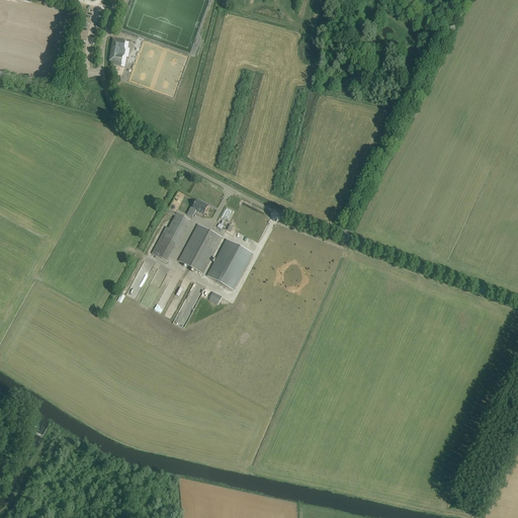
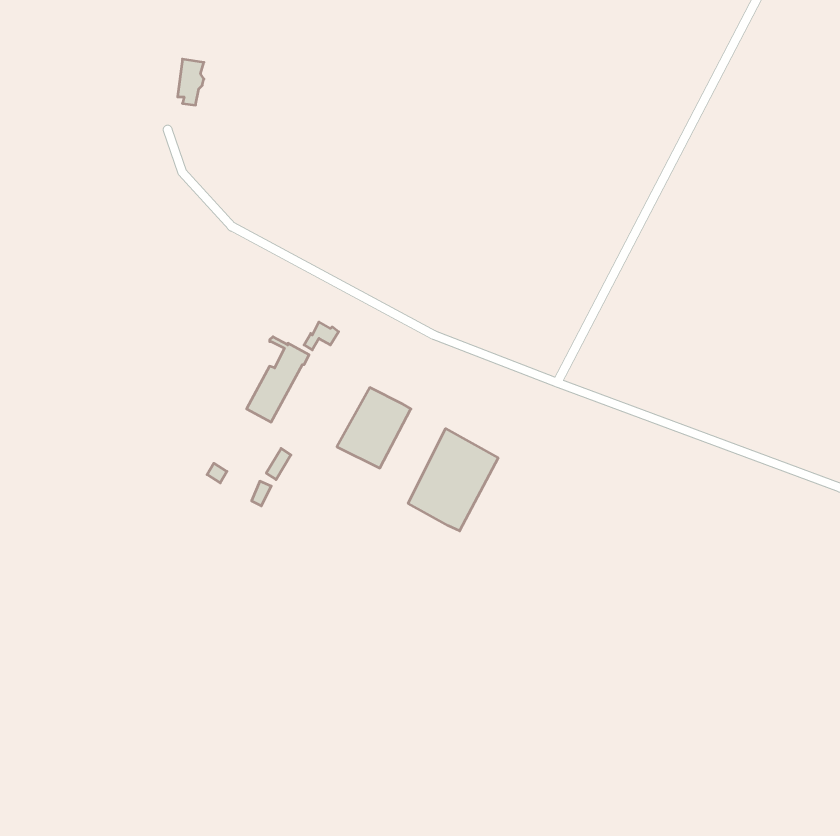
building: [179,223,223,272] -> none
building: none -> [408,429,498,531]

